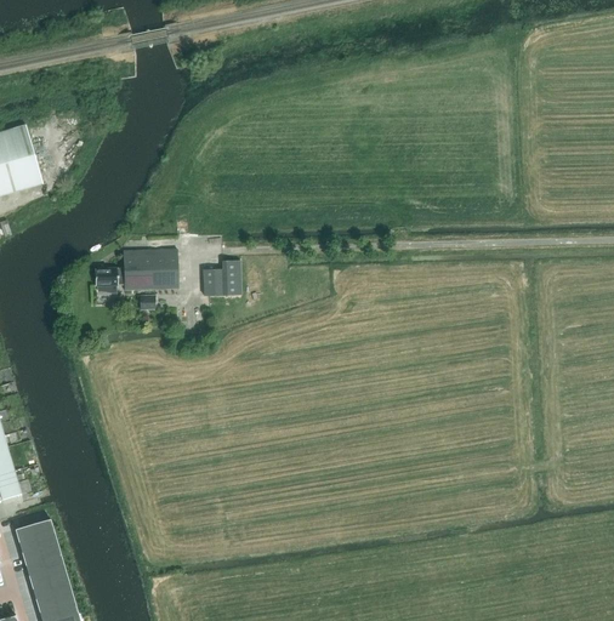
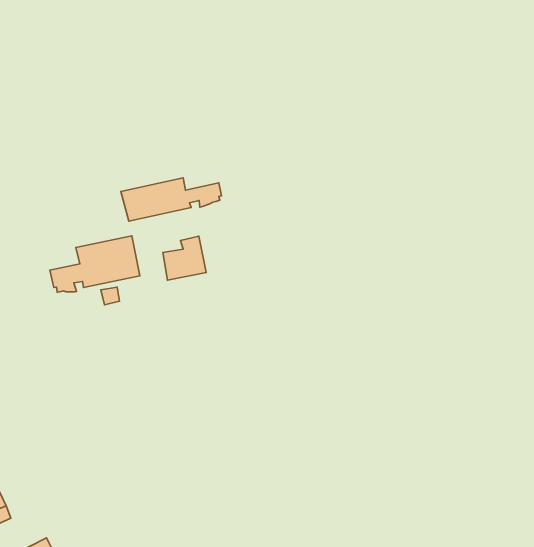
building: none -> [121,178,221,221]

